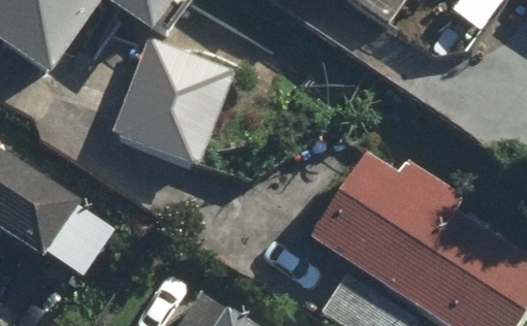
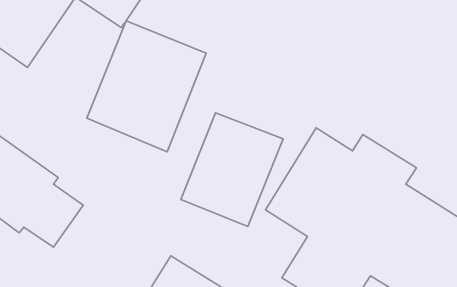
building: none -> [181,113,283,226]

